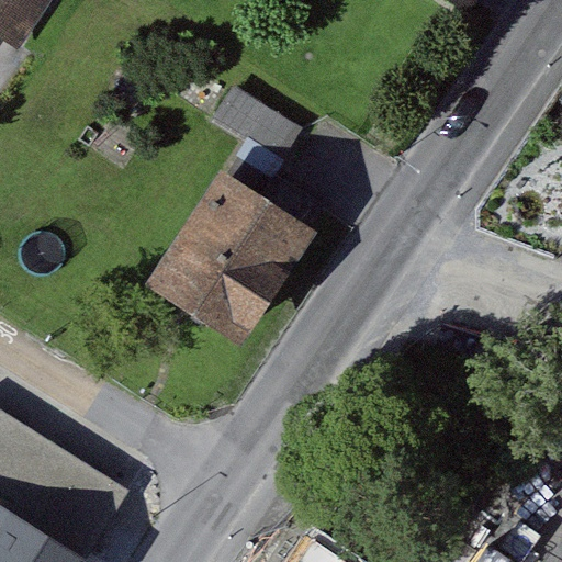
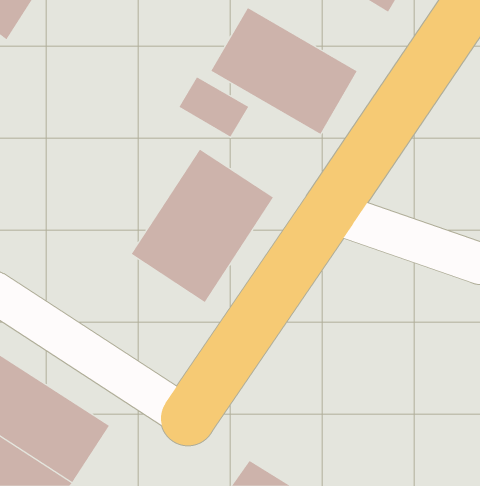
building: none -> [211,7,358,135]

